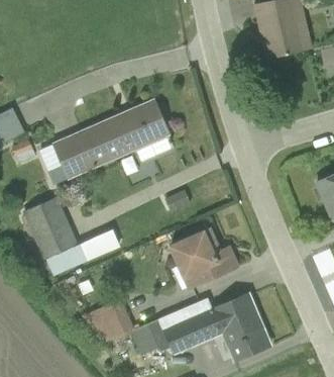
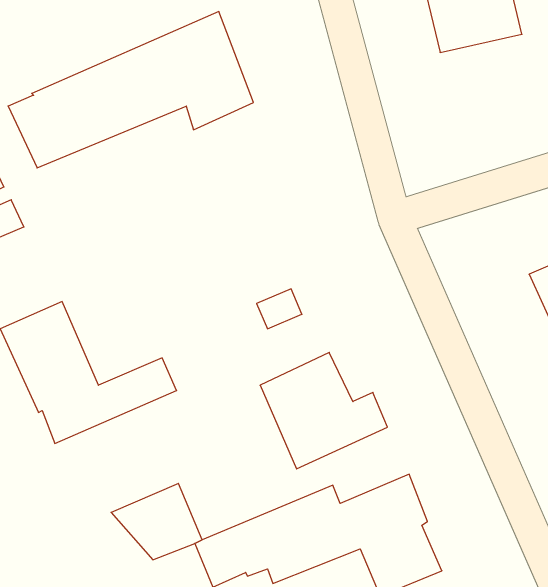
building: [38,98,175,185] -> [8,12,253,168]

